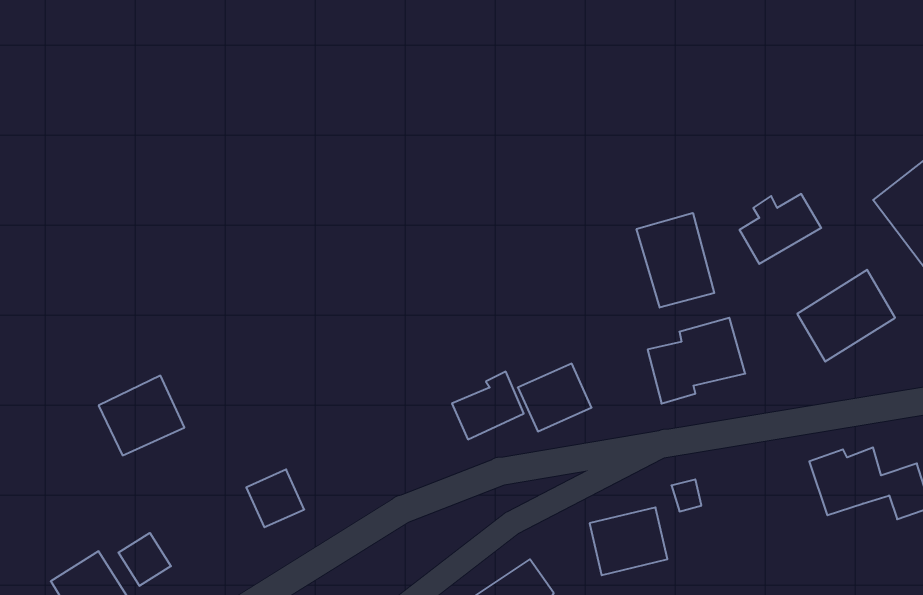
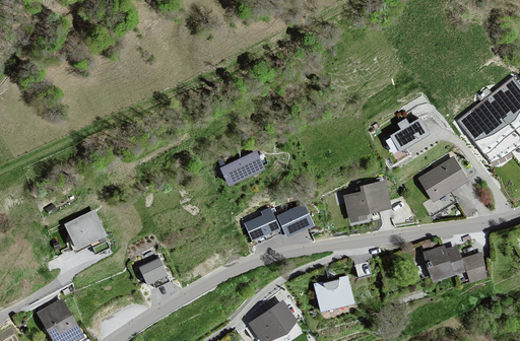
building: [637,213,714,308] -> none
building: none -> [220,151,264,187]
building: [118,533,171,586] -> none

